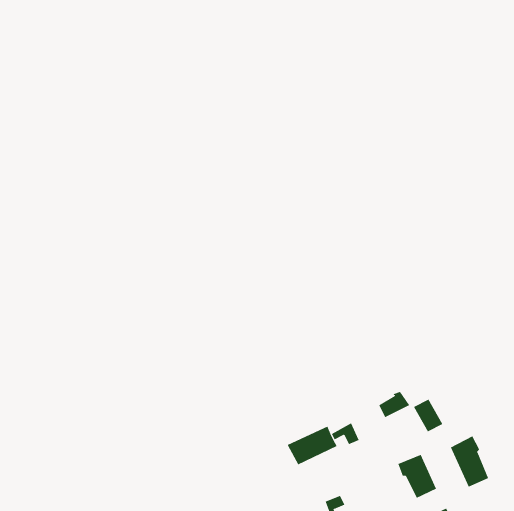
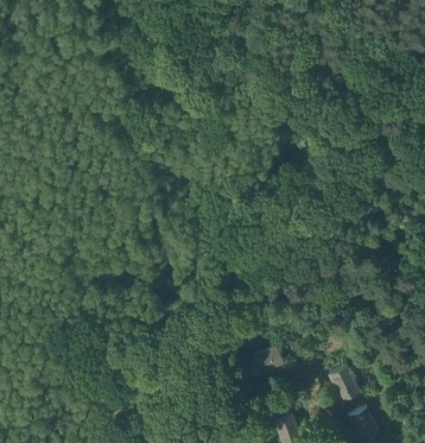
building: [450,436,489,488] -> none

